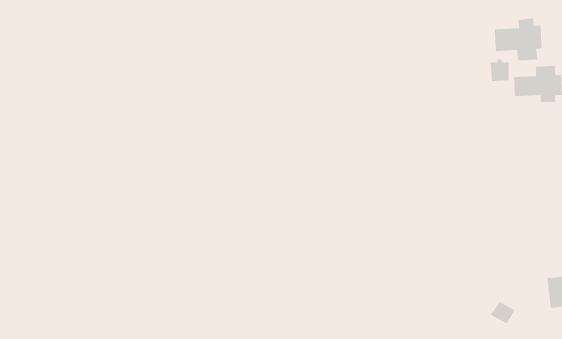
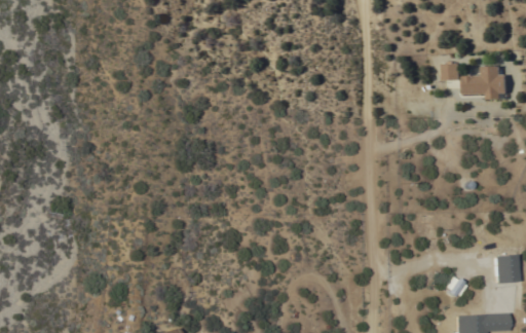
building: [494,17,542,61] -> none

